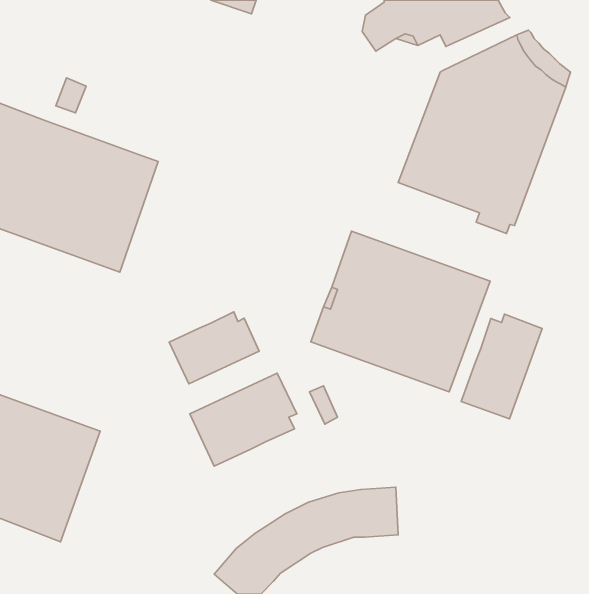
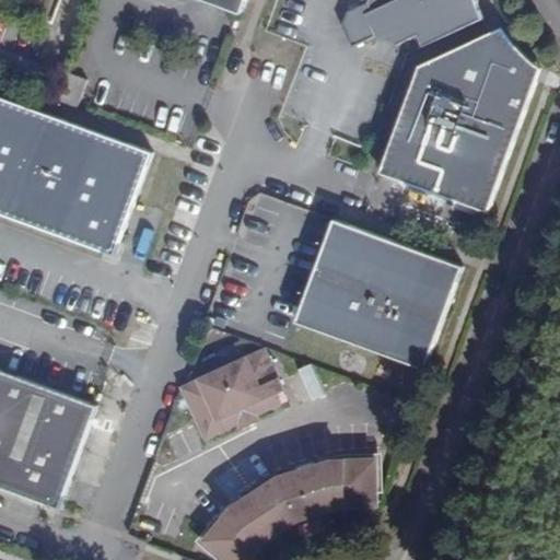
building: [169,312,259,384] -> none
building: [461,314,542,419] -> none

